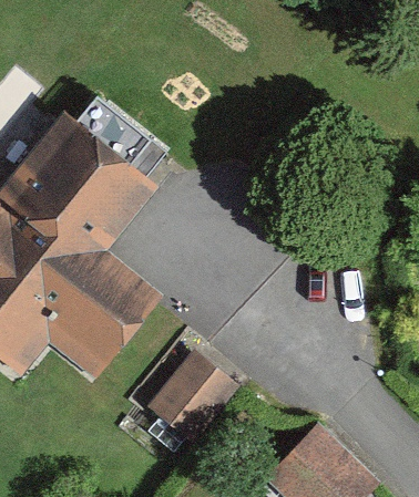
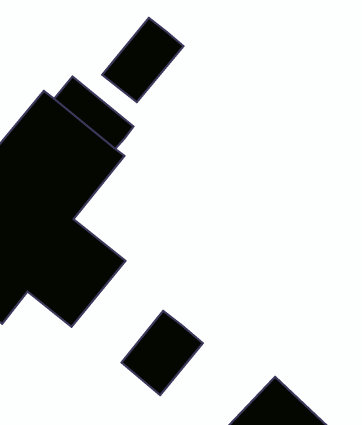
building: none -> [102,18,183,102]

